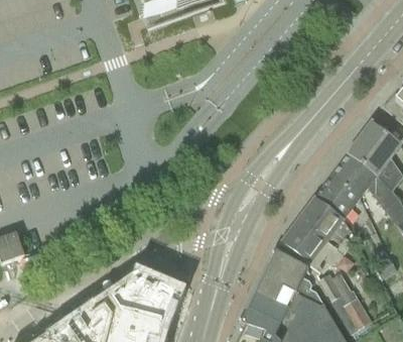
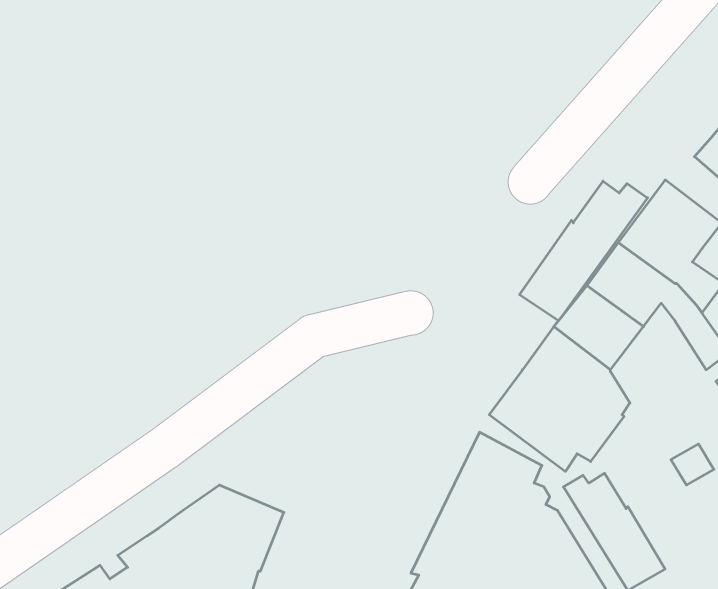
building: none -> [520,181,648,321]

